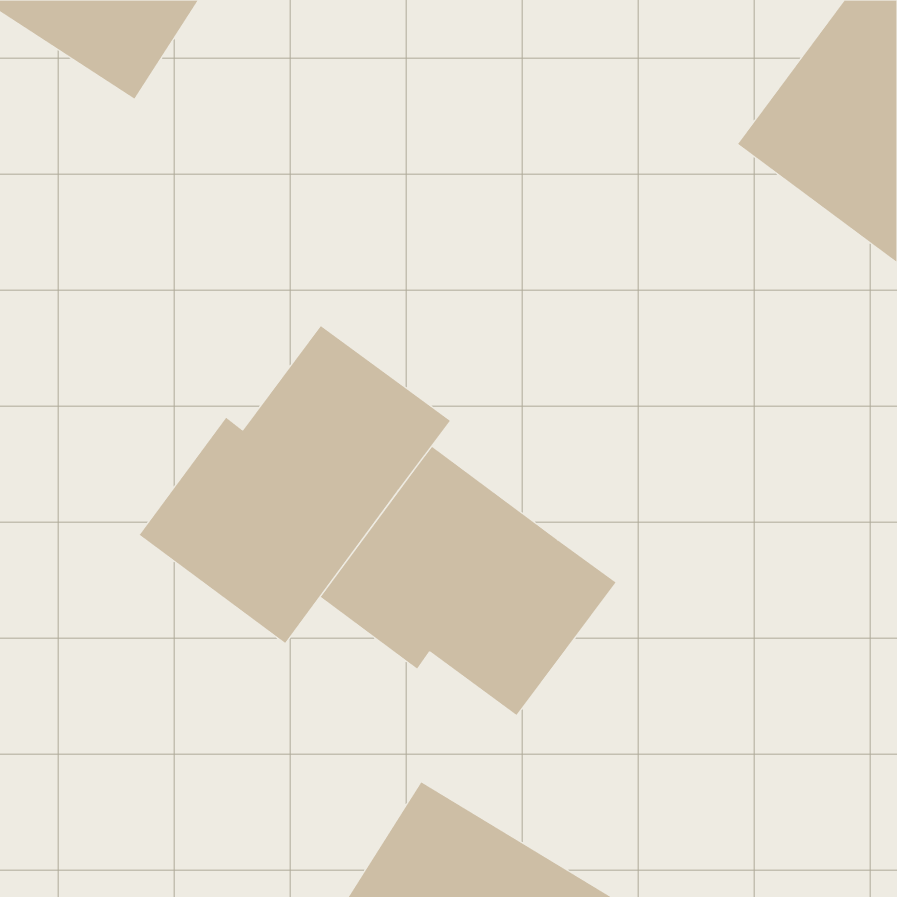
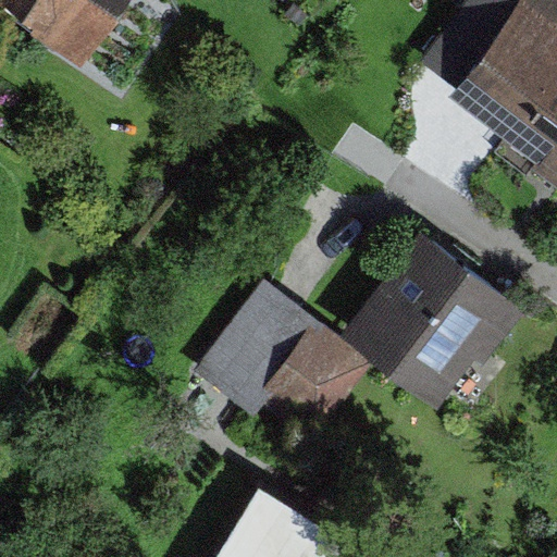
building: [139,325,451,644] -> none
building: none -> [342,232,525,409]

